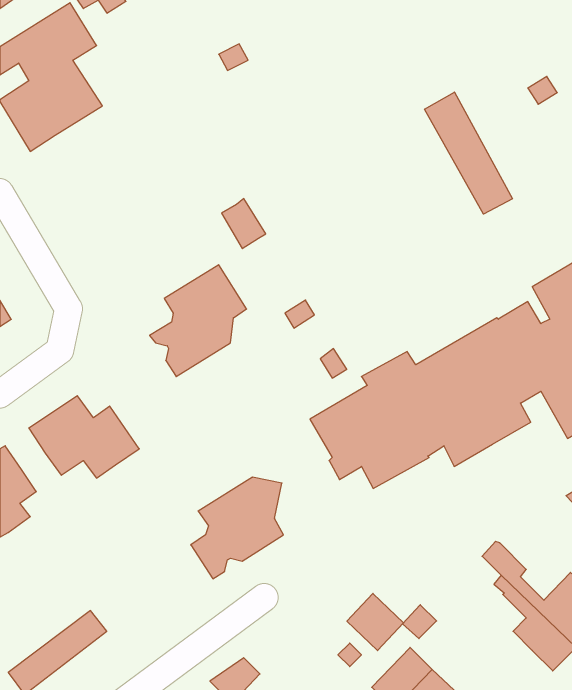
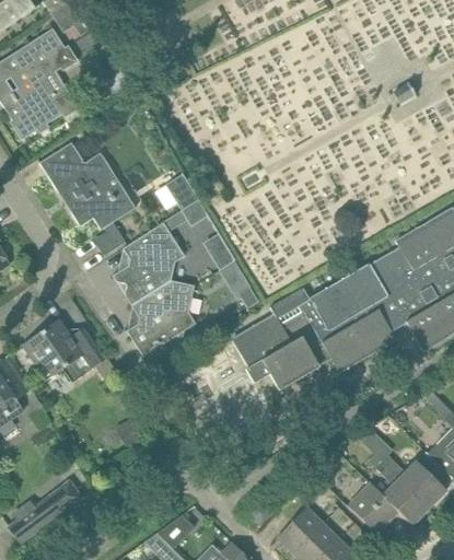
building: [425,92,512,214] -> none
building: none -> [38,142,135,247]
building: [191,477,283,579] -> [126,281,195,357]
building: [347,593,404,651] -> none
building: none -> [347,483,396,534]

